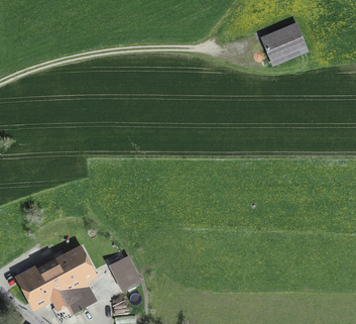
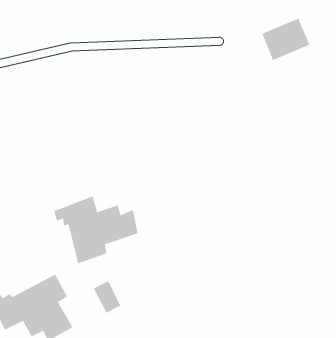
building: none -> [54,195,138,264]

